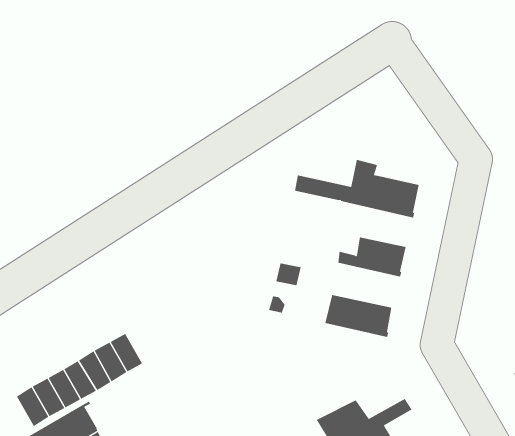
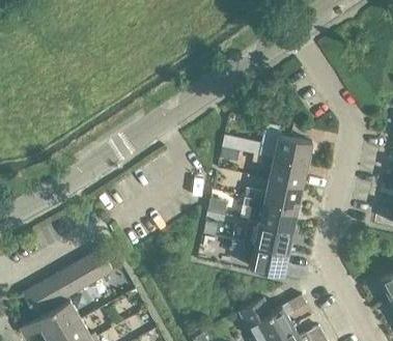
building: none -> [253,154,308,188]
building: none -> [243,198,299,231]
building: none -> [232,243,289,276]

